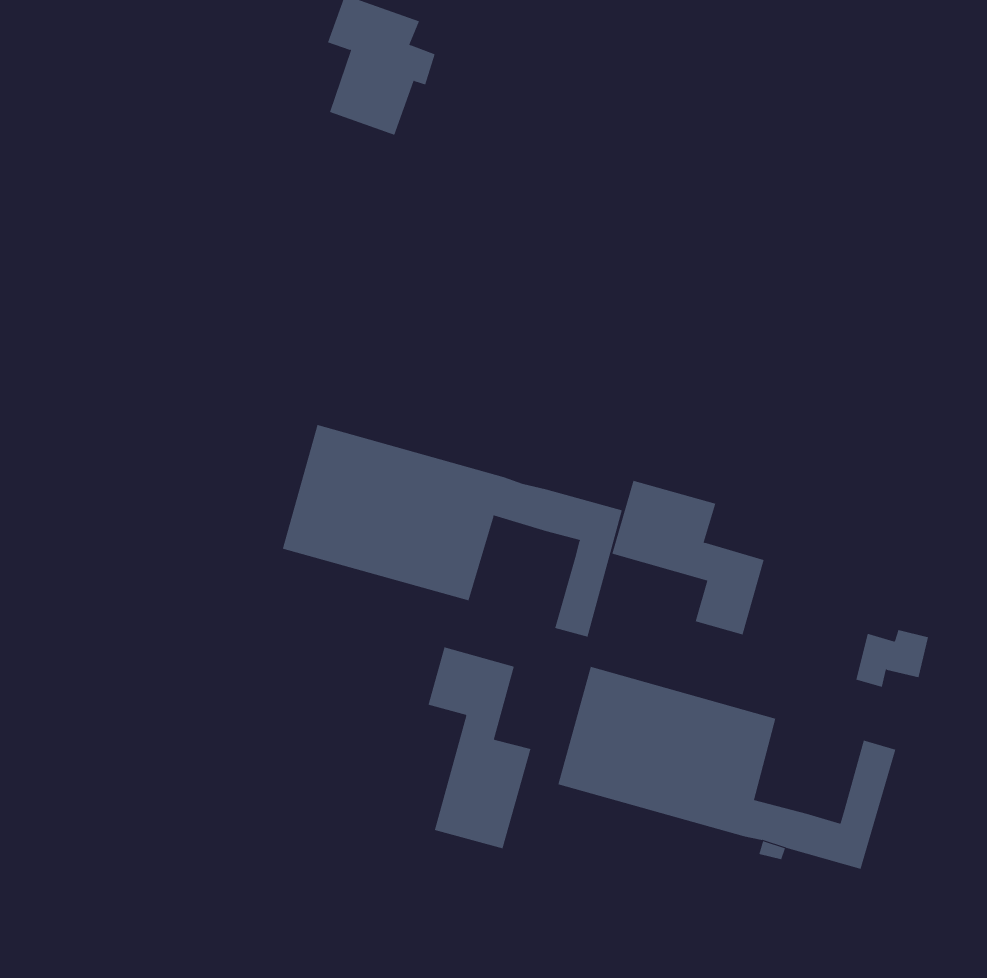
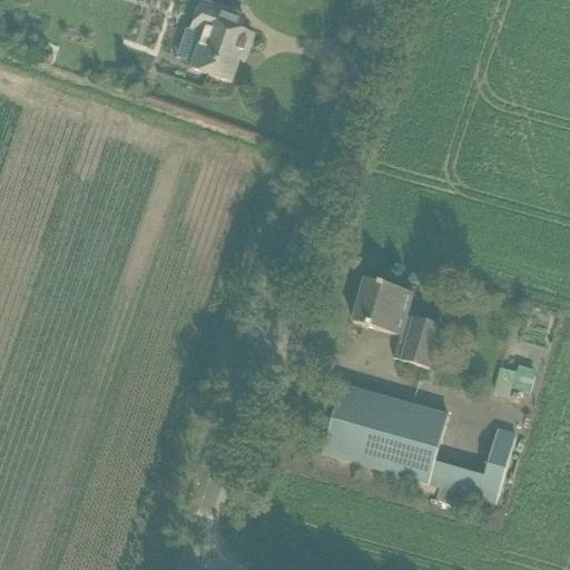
building: [282,424,622,637] -> none
building: [428,647,531,849] -> none

